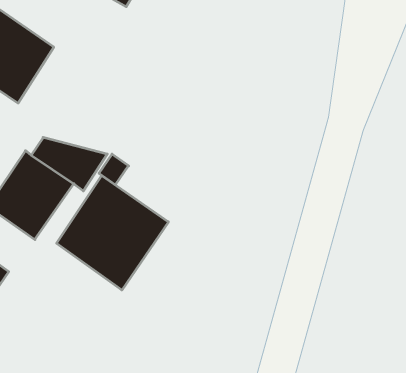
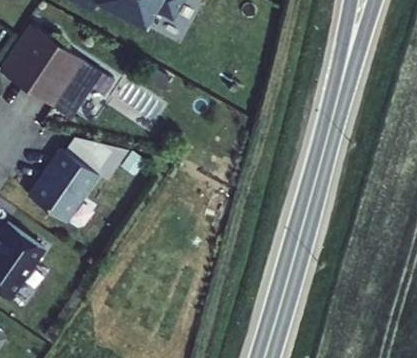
building: none -> [53,61,102,120]
building: [57,176,168,290] -> none

